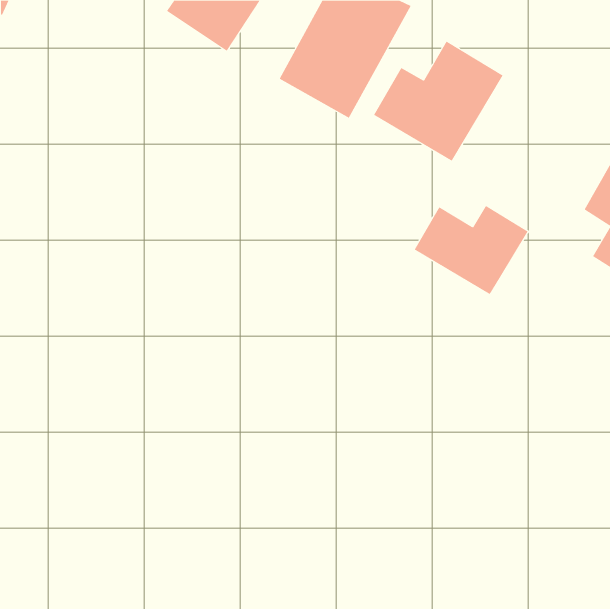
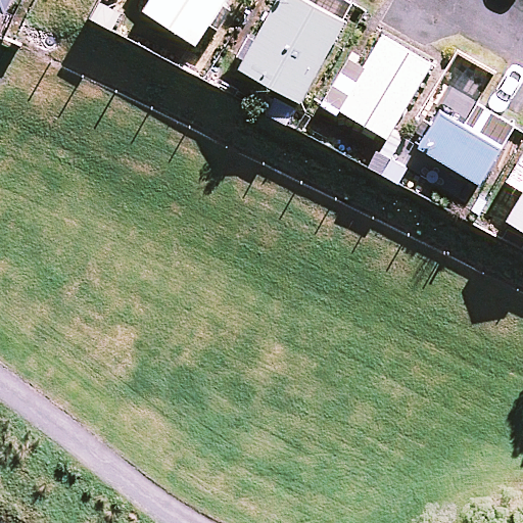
building: [414,205,529,295] -> [413,107,511,184]

